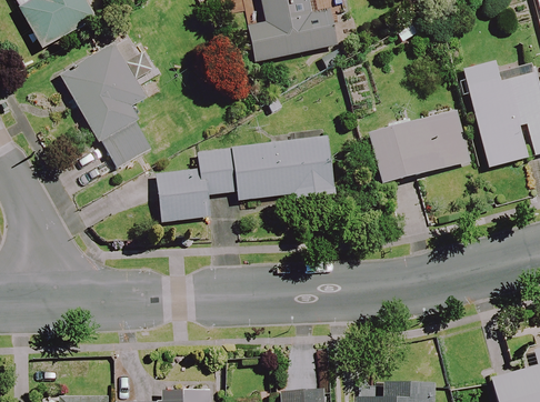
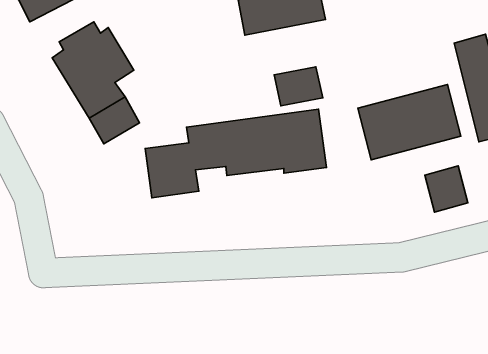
building: none -> [274,67,323,106]
building: none -> [425,166,468,212]

